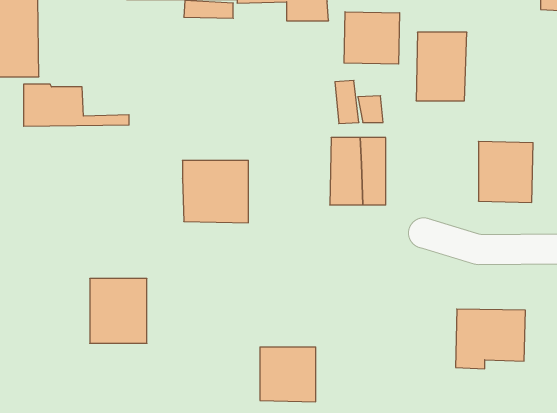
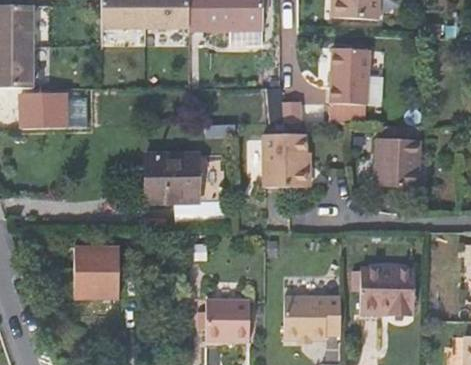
building: [344,12,400,64] -> none
building: none -> [284,289,340,337]

